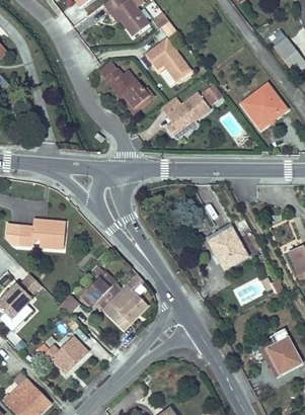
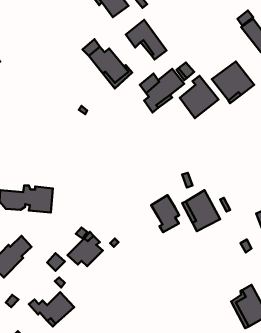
building: none -> [180,76,219,118]
building: none -> [151,195,179,232]
building: [103,284,148,329] -> none

